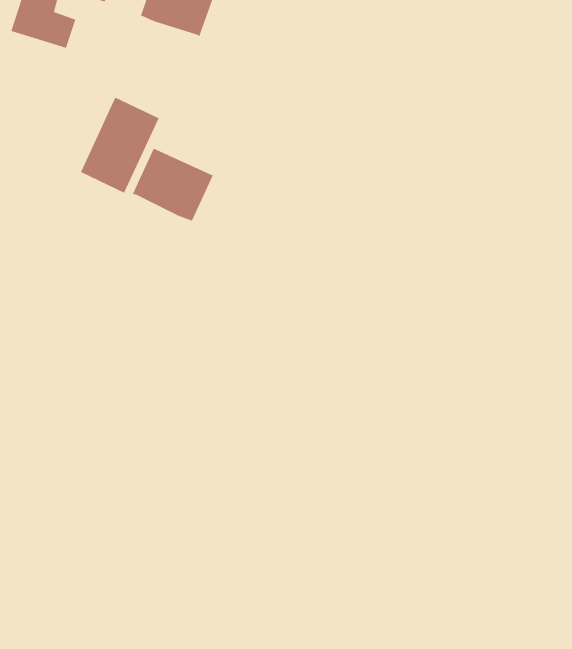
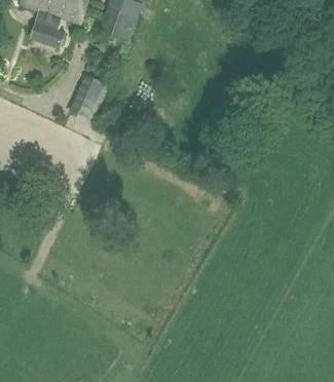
building: [132,148,214,221] -> none

